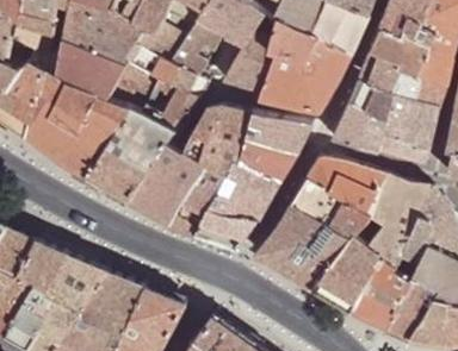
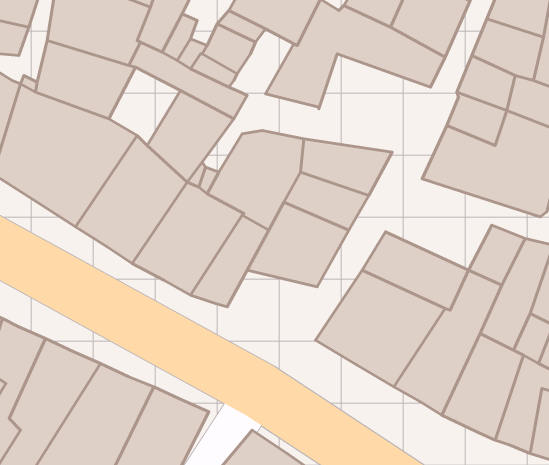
building: [259,50,342,112] -> none
building: [112,59,163,115] -> none
building: [310,156,386,205] -> none
building: [197,205,261,245] -> none

